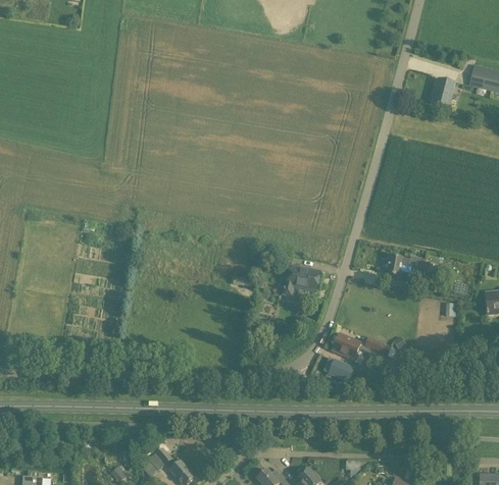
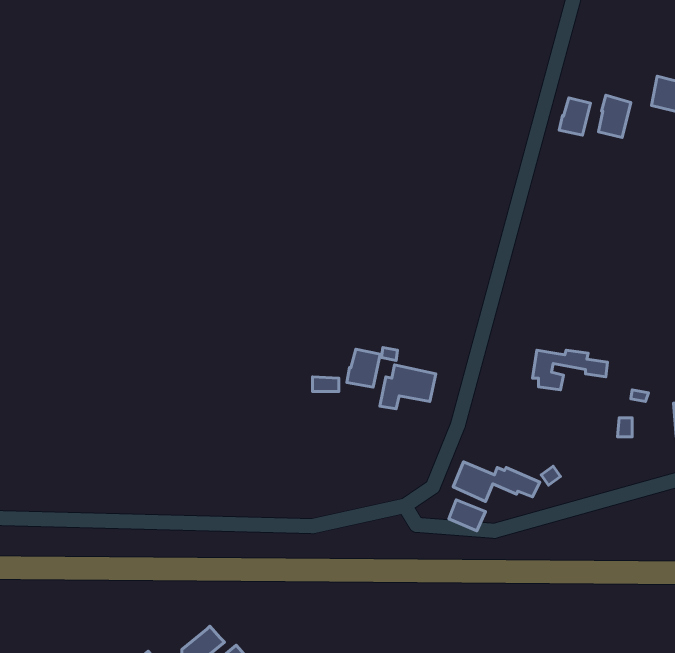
building: none -> [559,98,590,135]
building: none -> [347,349,380,387]

